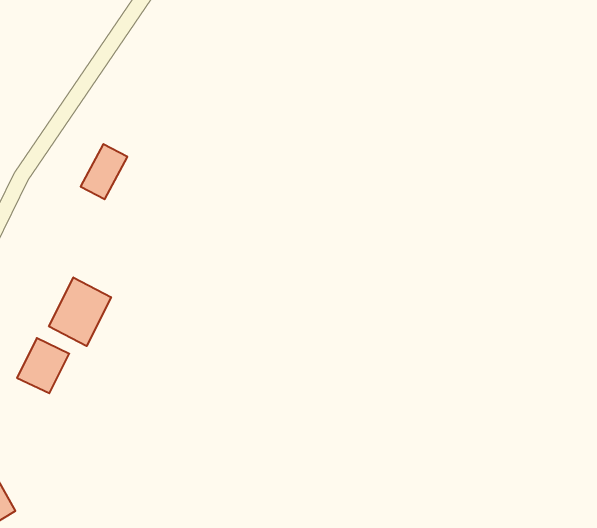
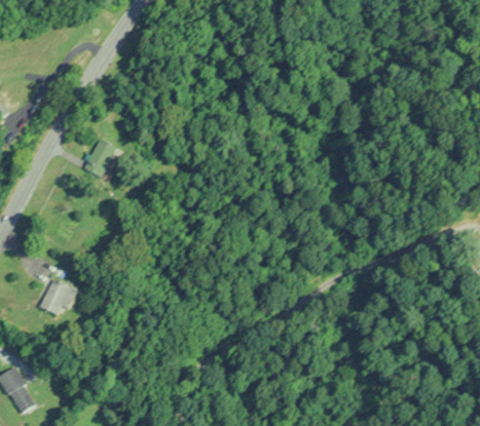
building: [49,277,111,346] -> none

